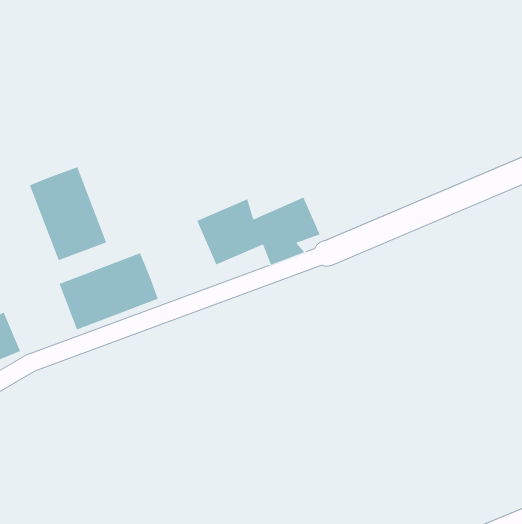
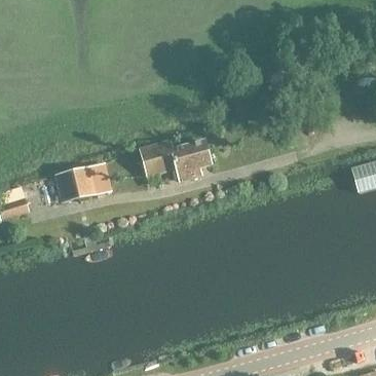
building: [29,166,107,261] -> none

